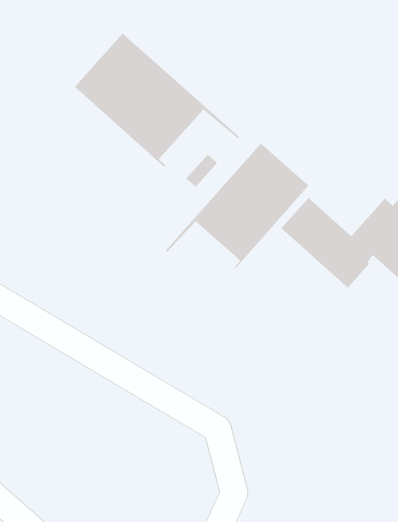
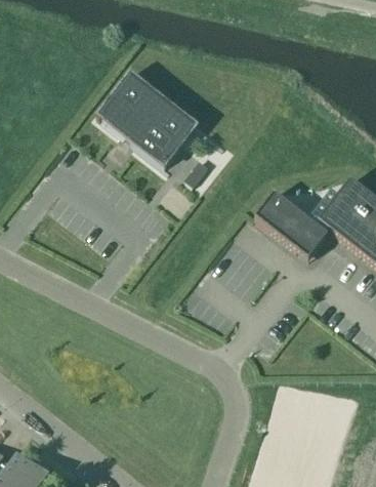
building: [165,143,309,269] -> none

